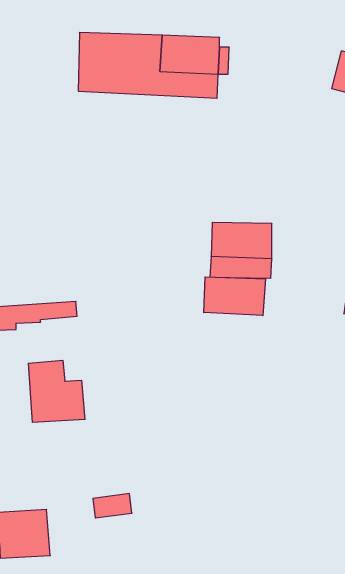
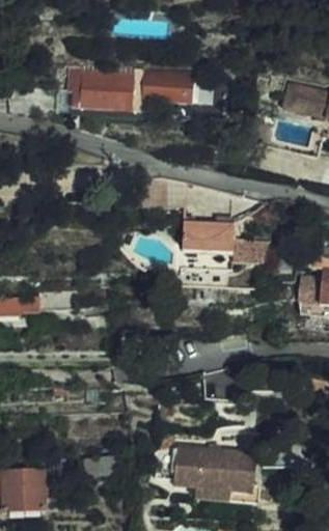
building: [204,277,265,316] -> none
building: [28,360,85,422] -> none
building: none -> [175,446,261,505]

